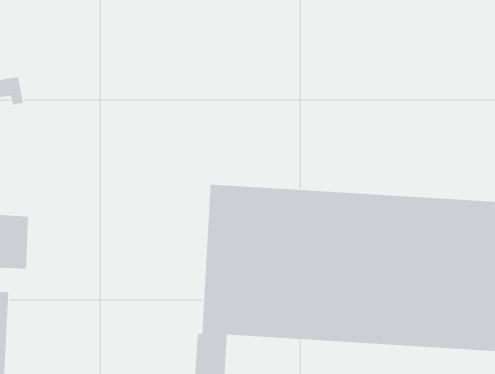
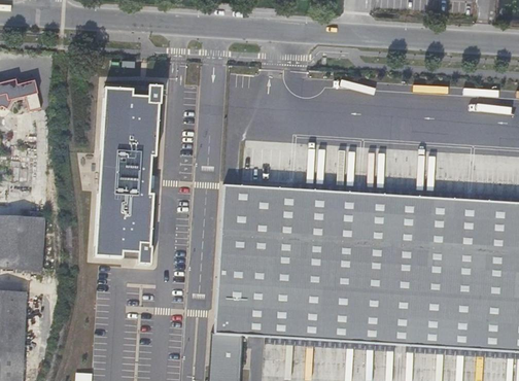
building: none -> [90,82,158,257]

